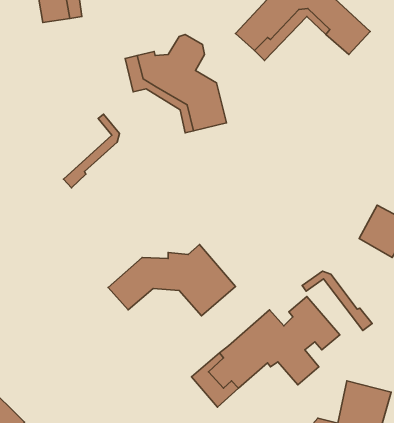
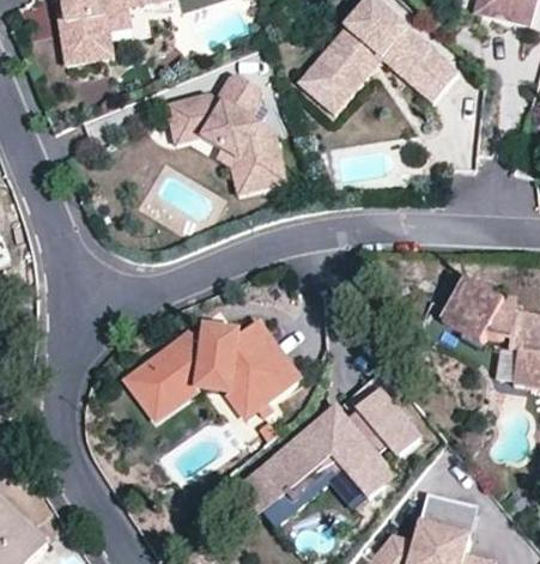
building: [64,114,120,188] -> none
building: [302,271,372,330] -> none
building: none -> [125,377,255,429]

